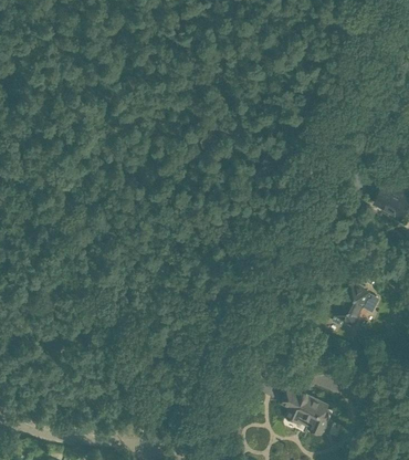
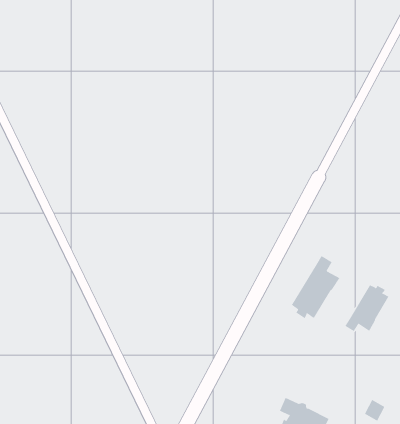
building: none -> [291,255,340,319]

